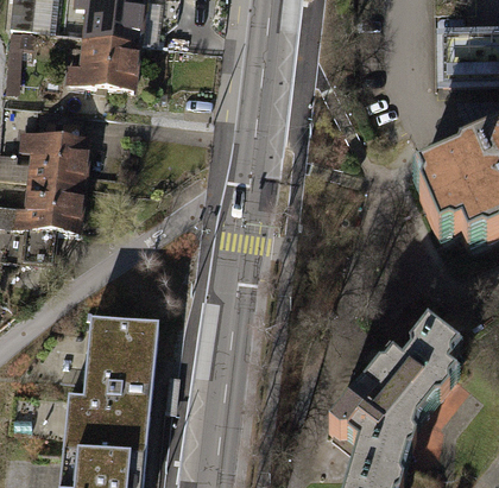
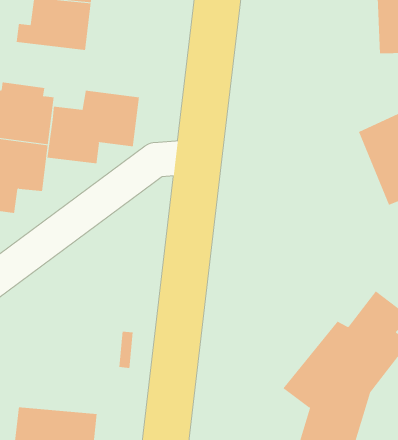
building: none -> [47,90,139,164]
building: [64,315,157,454] -> none

